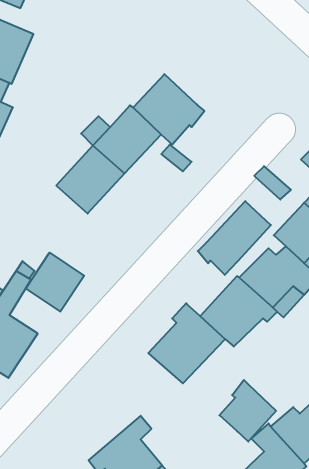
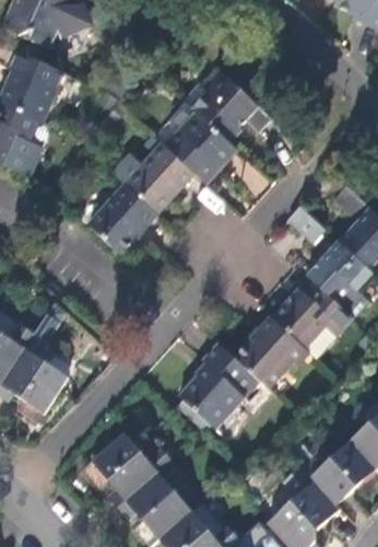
building: none -> [181,70,269,142]
building: [198,201,271,275] -> none
building: [26,253,84,312] -> none
building: [219,380,276,442] -> none
building: none -> [84,430,172,502]

